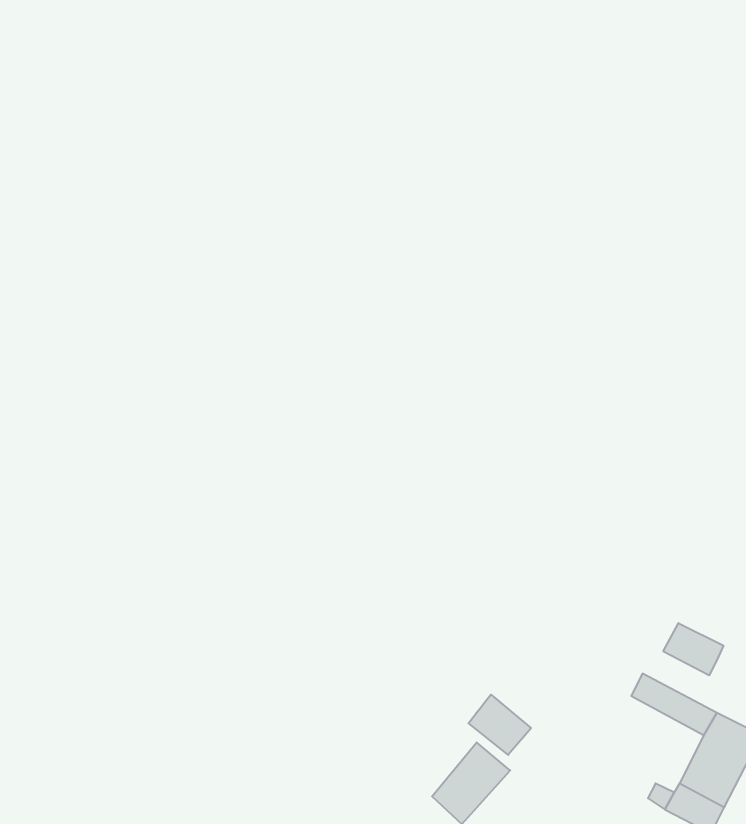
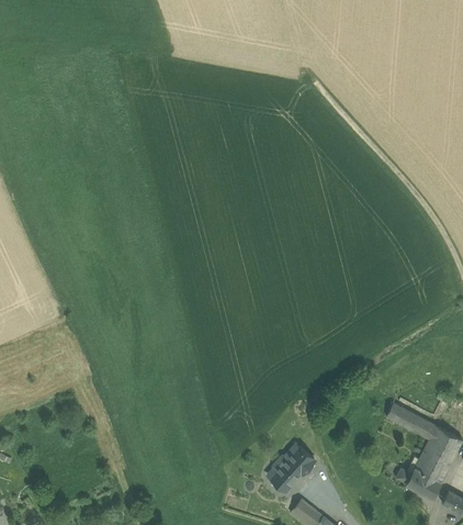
building: [663,623,723,675] -> none
building: [468,695,531,755] -> none

